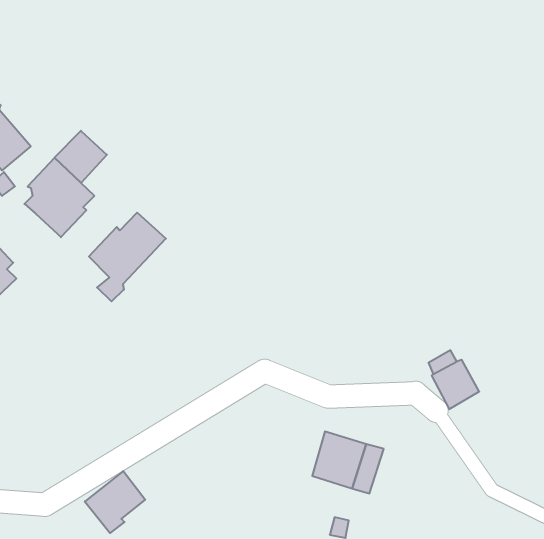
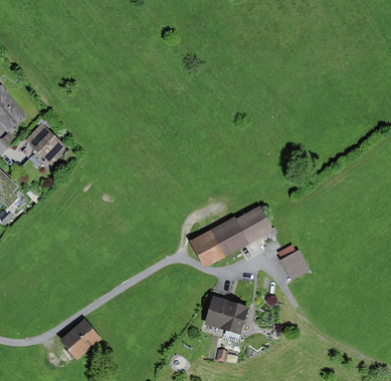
building: [55,131,107,183] -> none
building: [89,213,166,301] -> none
building: none -> [189,206,272,268]

